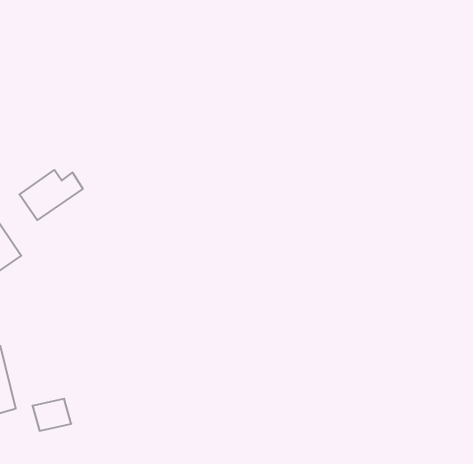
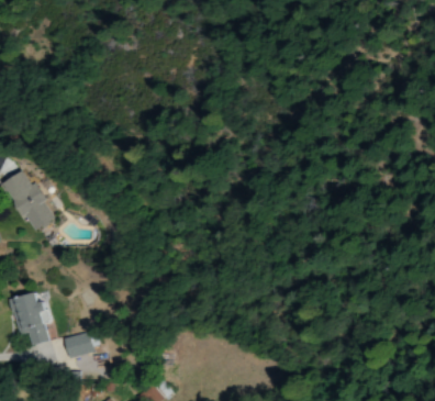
building: [19,170,83,220] -> none

